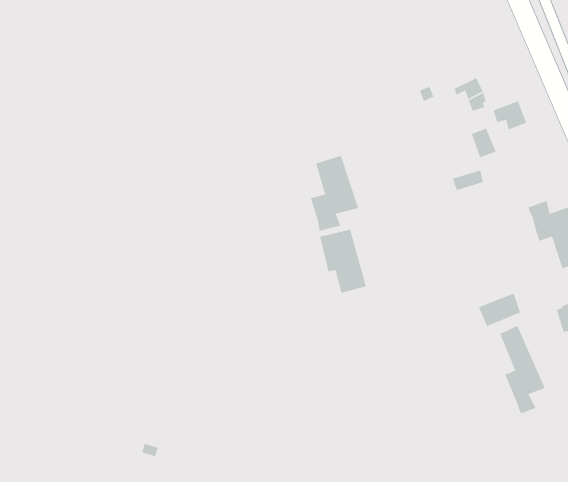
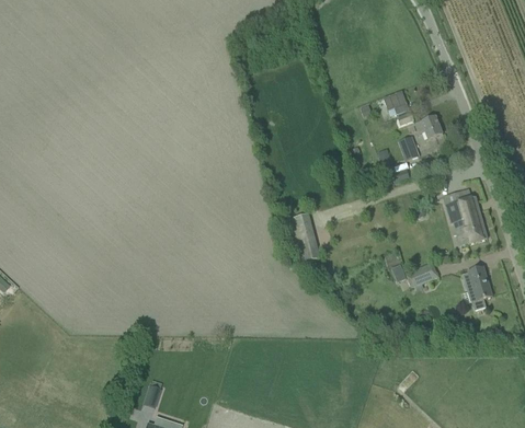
building: [310,155,359,232] -> none
building: [499,325,546,414] -> none

